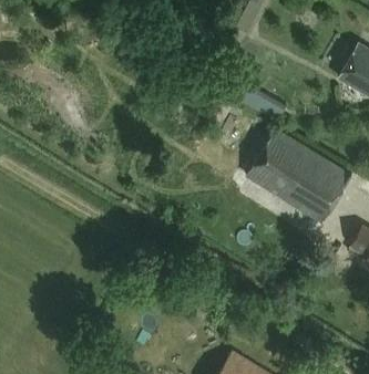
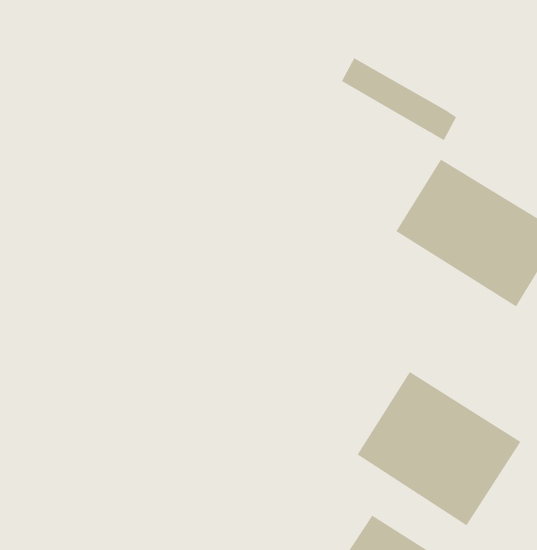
building: none -> [357,371,521,526]

